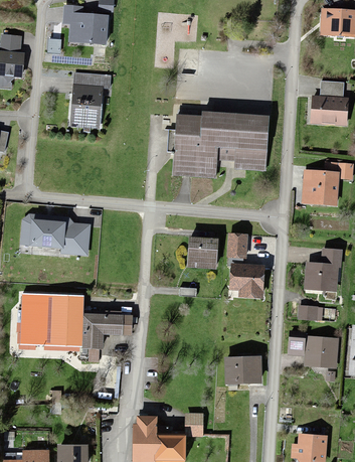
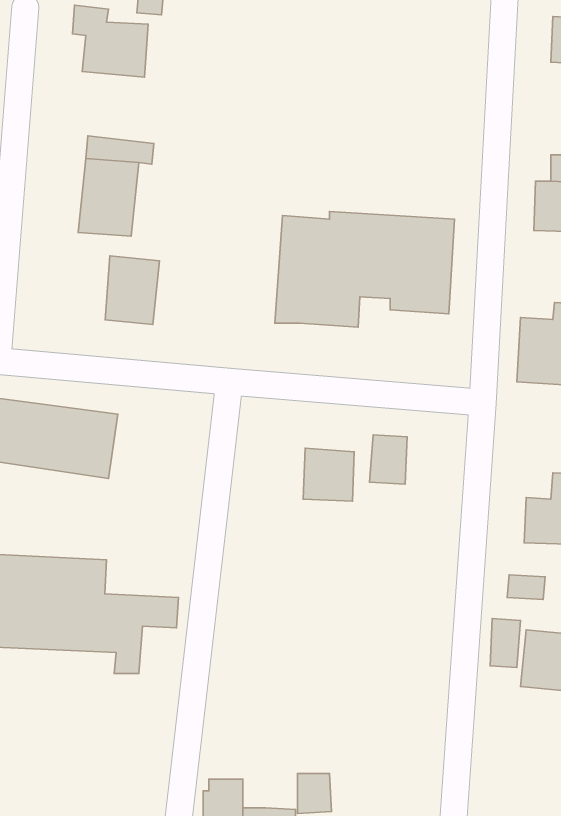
building: none -> [105,256,159,325]
building: [228,263,262,299] -> none
building: [224,358,260,383] -> none

